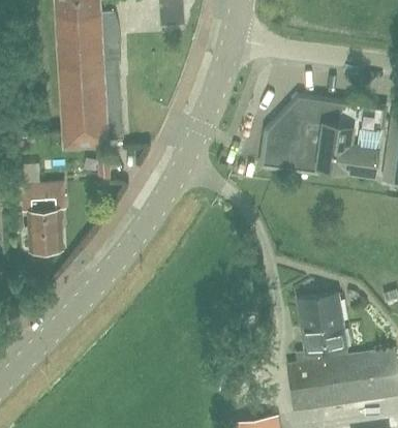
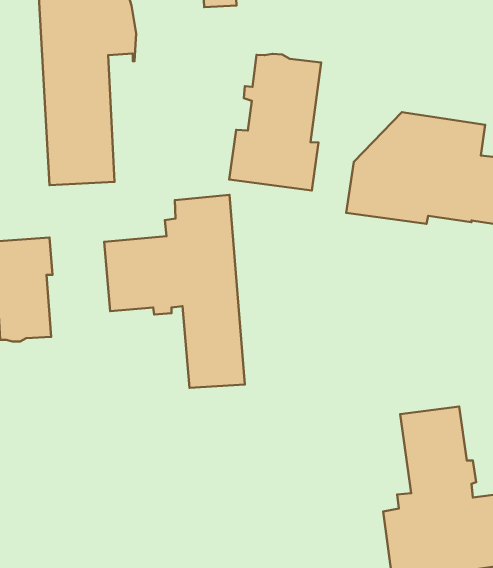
building: none -> [229,54,321,190]
building: none -> [104,195,245,388]

